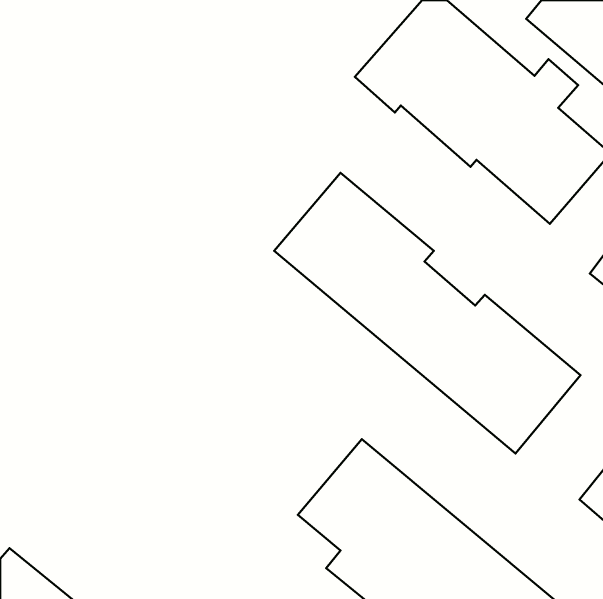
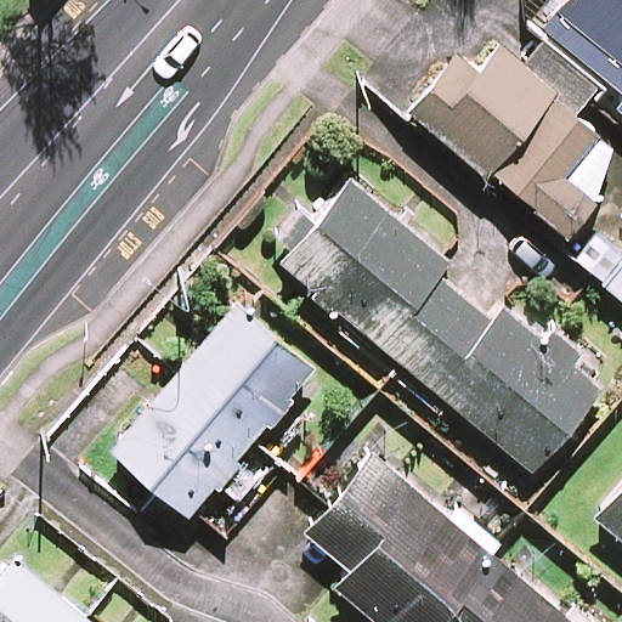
building: none -> [113,306,313,516]

